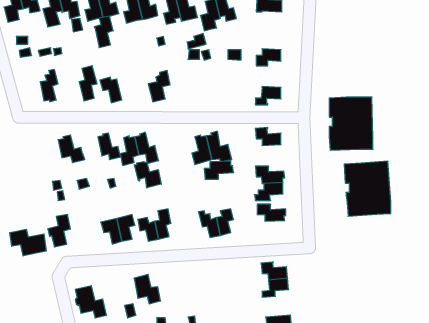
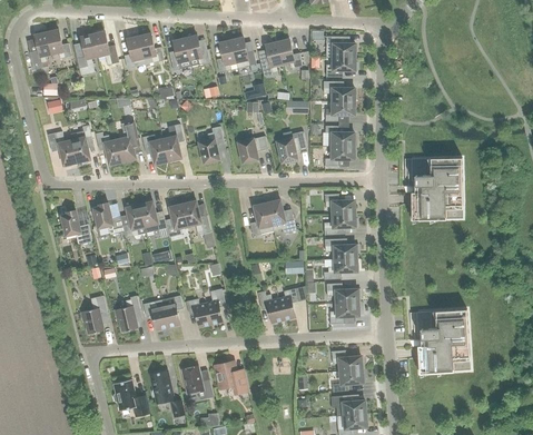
building: none -> [325,56,357,76]
building: [94,16,113,48] -> [161,123,184,160]
building: none -> [323,80,354,101]
building: none -> [325,125,354,146]
building: none -> [47,130,76,167]
building: none -> [276,130,306,162]
building: none -> [95,131,122,164]
building: none -> [237,136,267,162]
building: none -> [121,204,146,237]
building: none -> [60,209,91,244]
building: [204,161,234,179] -> [323,212,357,234]
building: [344,161,391,216] -> [415,308,470,373]
building: [134,162,161,188] -> none
building: none -> [115,295,139,330]
building: none -> [329,301,358,324]
building: [10,229,46,256] -> none
building: none -> [215,362,247,392]
building: none -> [149,370,174,403]
building: none -> [330,394,365,415]

